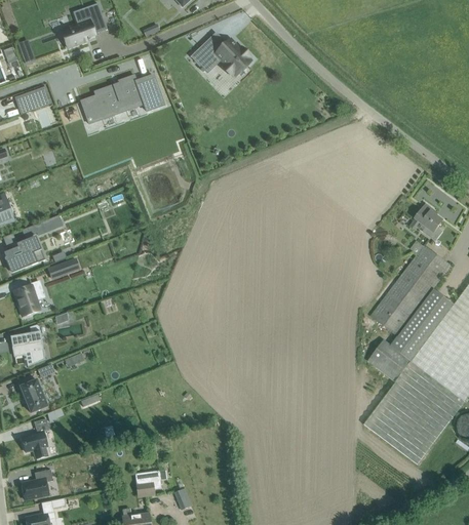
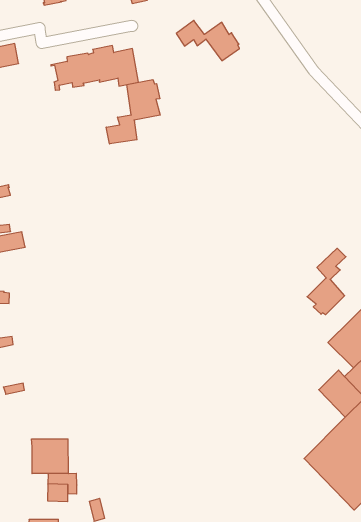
building: none -> [106,80,160,144]
building: none -> [307,248,346,315]
building: none -> [32,439,68,474]

